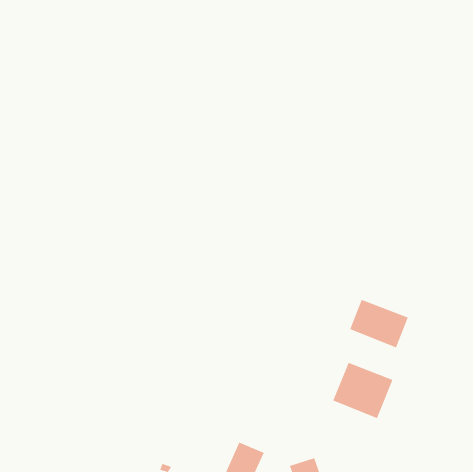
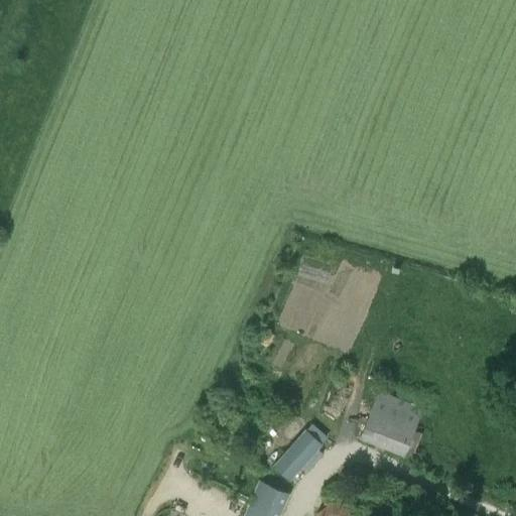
building: [349,299,409,348] -> none
building: none -> [272,430,322,482]

